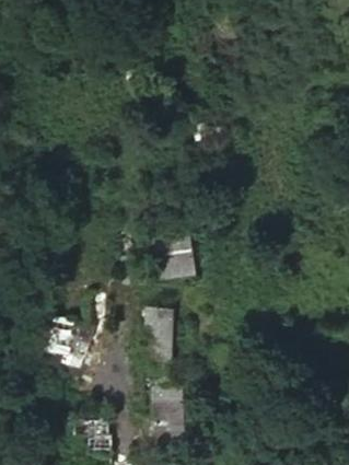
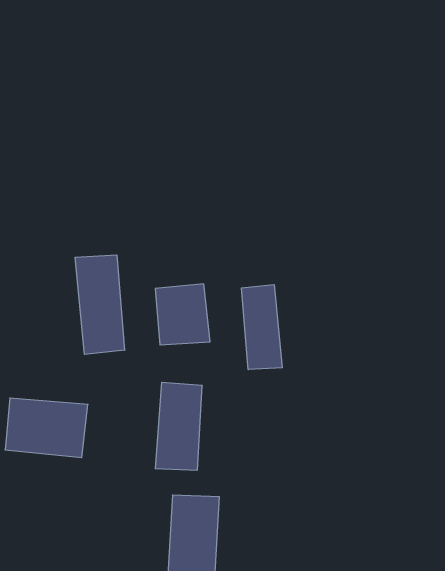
building: none -> [75,255,125,354]
building: none -> [242,285,282,370]

